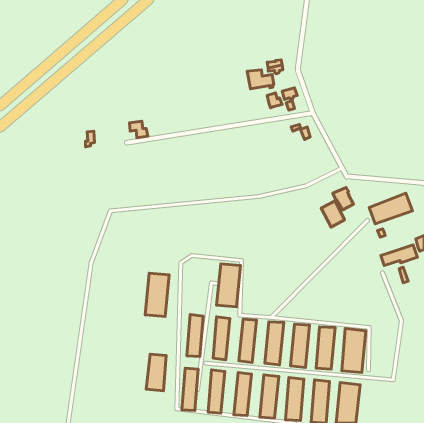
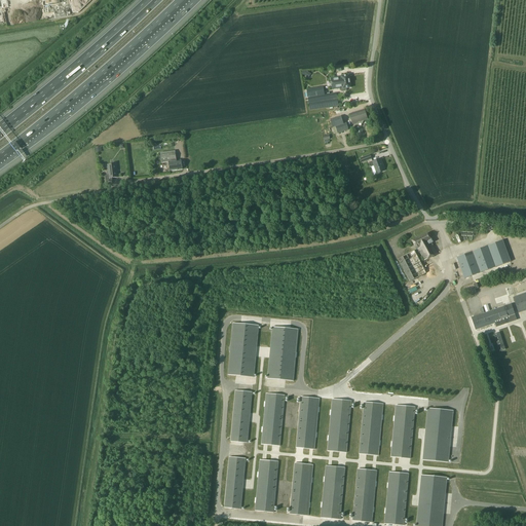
building: [145,273,169,316] -> [228,323,258,376]
building: [146,354,166,391] -> none

